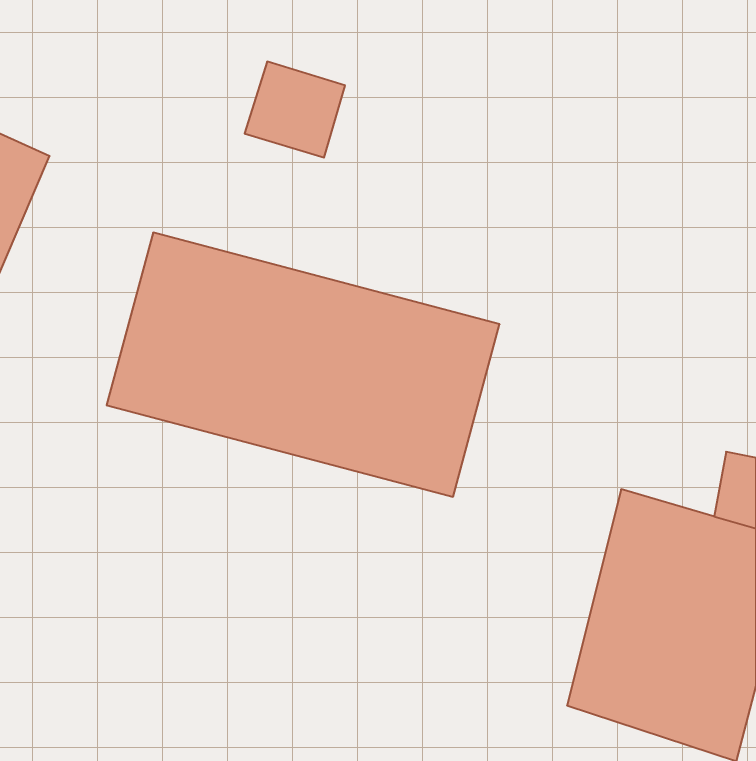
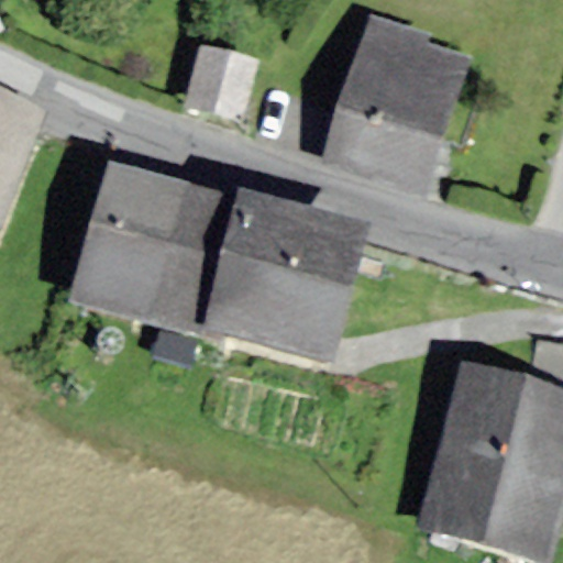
building: none -> [324,15,471,187]

